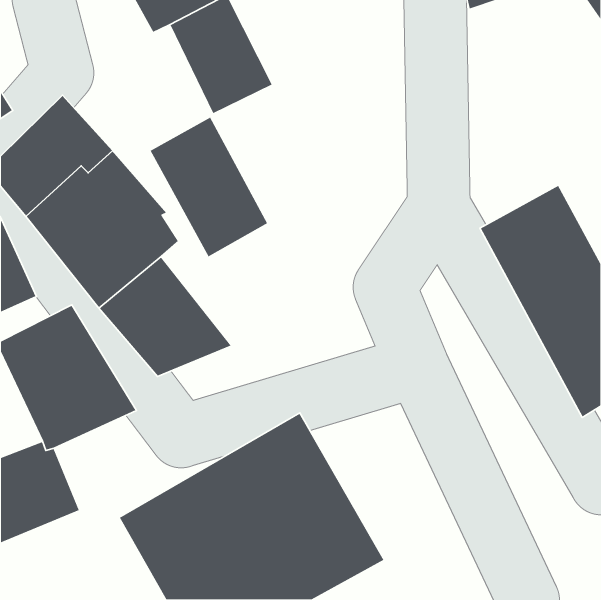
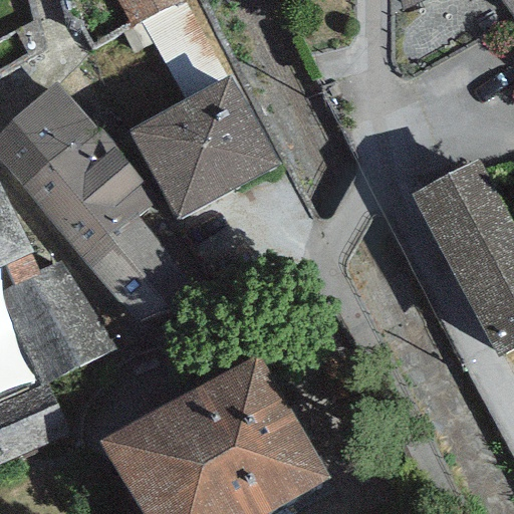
building: none -> [180,72,280,191]

